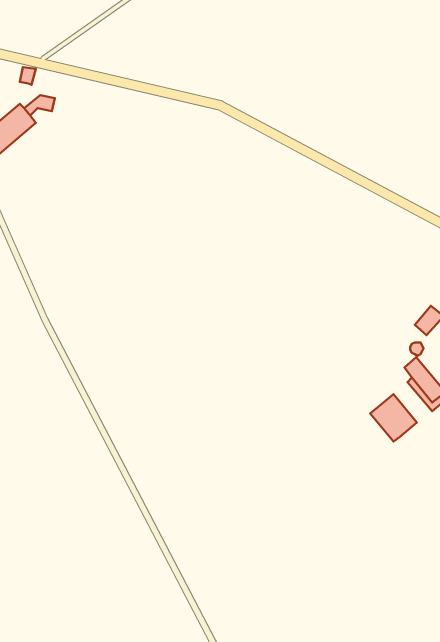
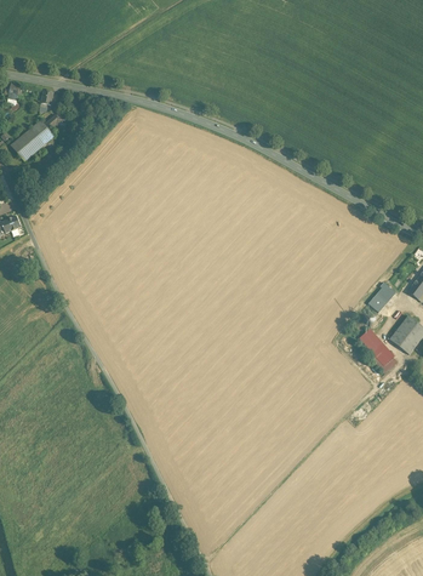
building: [370,394,417,442] -> none

